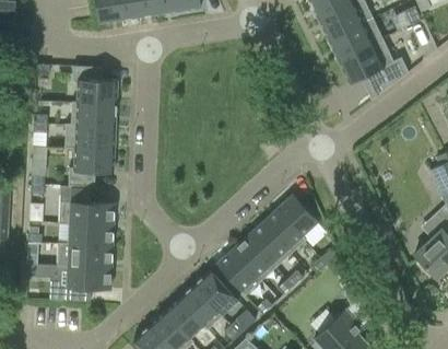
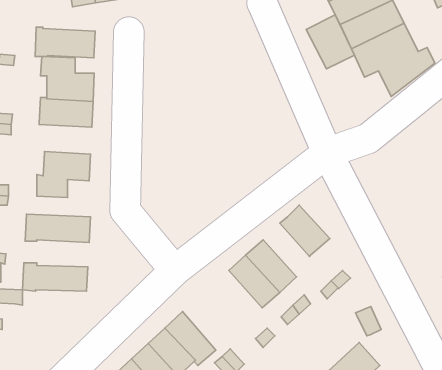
building: none -> [306,15,354,69]
building: [64,124,116,150] -> [35,27,95,58]
building: [262,209,306,255] -> none
building: [69,223,114,246] -> none
building: [216,249,261,295] -> none
building: [67,266,111,290] -> none
building: [193,269,238,317] -> none

